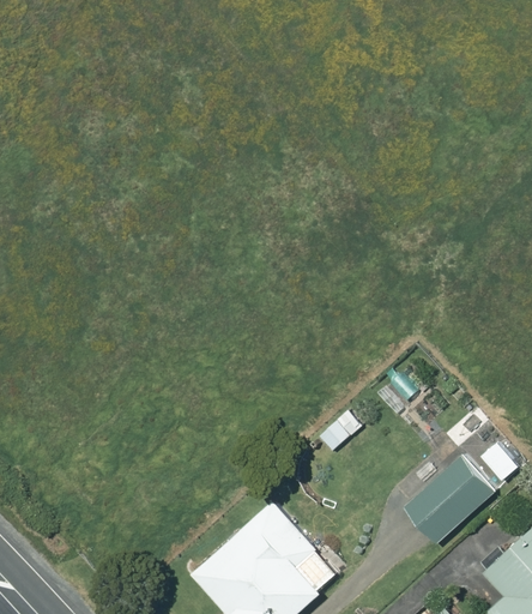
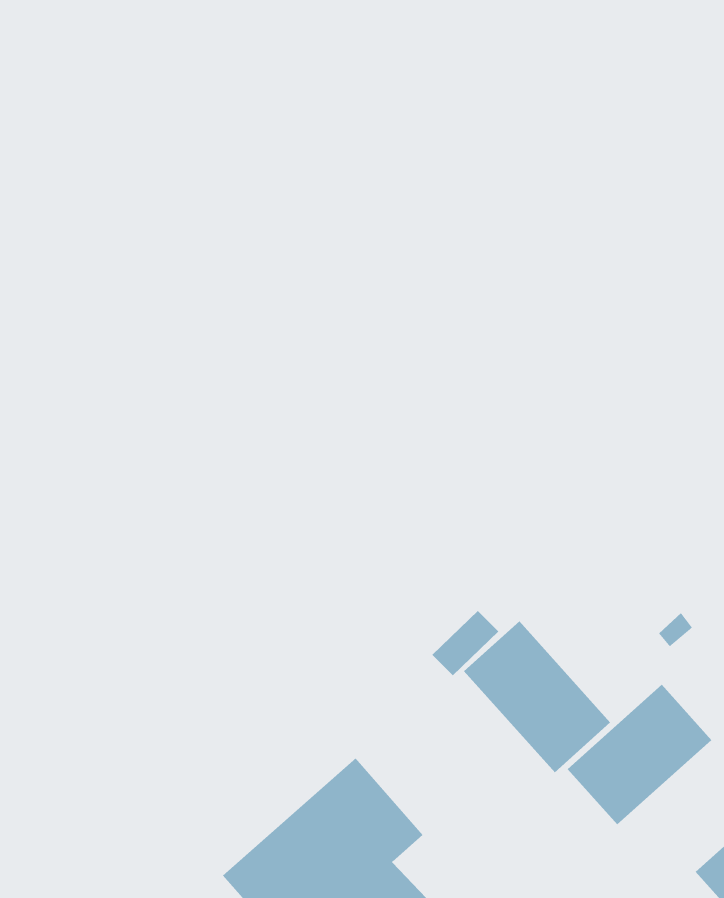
building: none -> [463,621,611,773]

